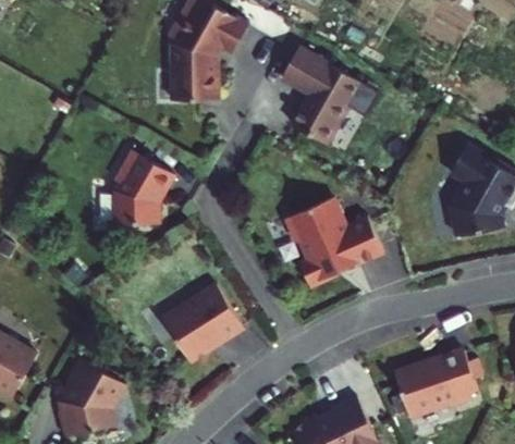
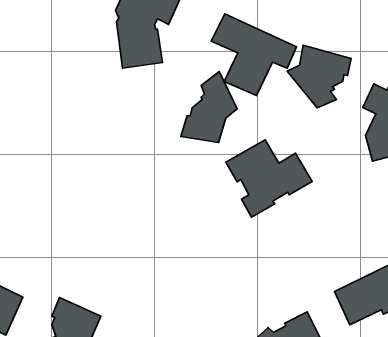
building: none -> [287,45,351,108]
building: none -> [181,72,237,143]
building: [114,151,173,224] -> none
building: [162,284,241,361] -> none

